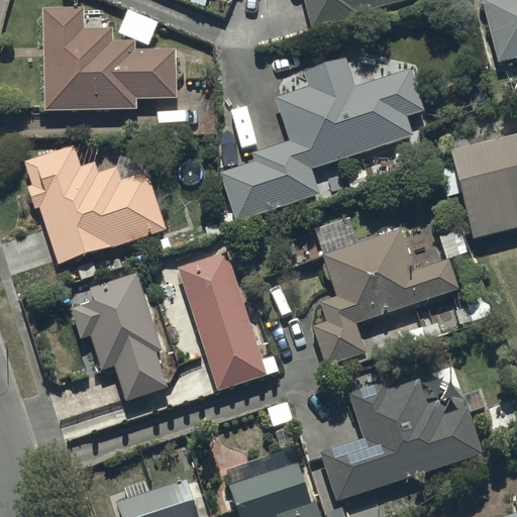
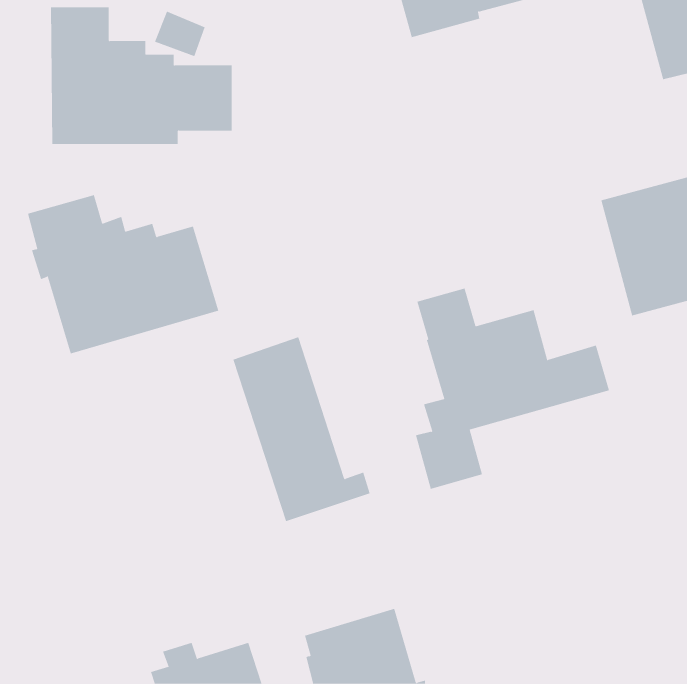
building: [221,56,423,218] -> none
building: [72,273,168,401] -> none
building: [318,380,482,501] -> none

